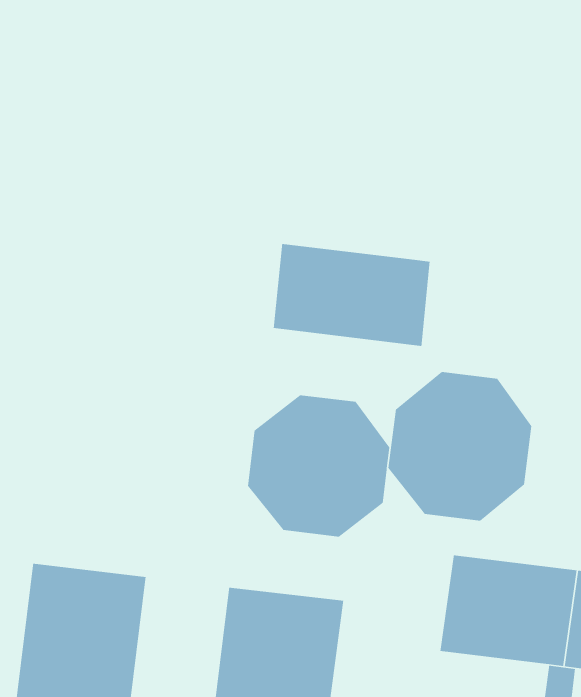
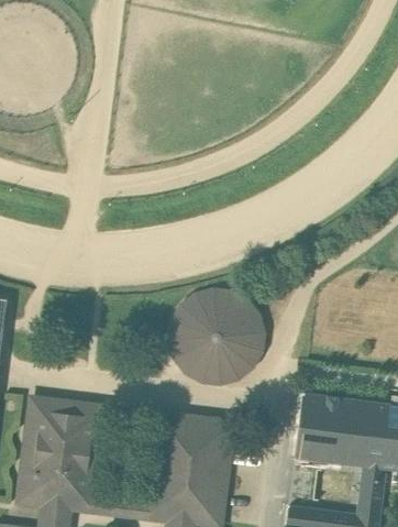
building: [273,243,431,347] -> none
building: [388,371,532,521] -> none

